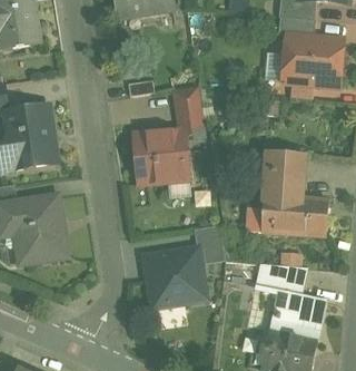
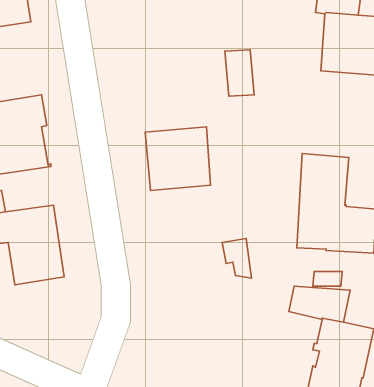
building: [174,87,198,126] -> [225,50,254,96]
building: [145,248,204,305] -> none

